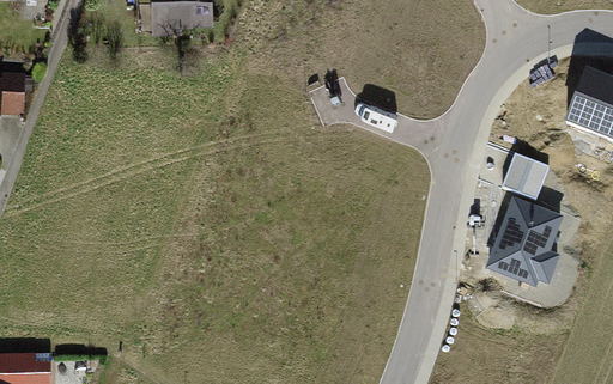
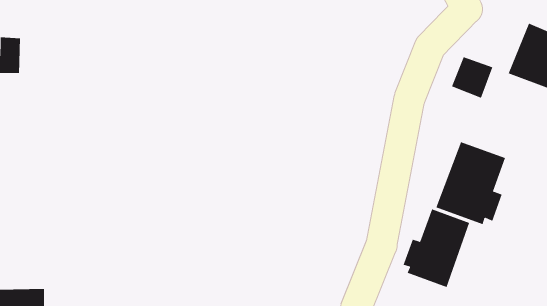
building: [502,154,548,201] -> [451,56,493,98]
building: none -> [403,209,470,288]

